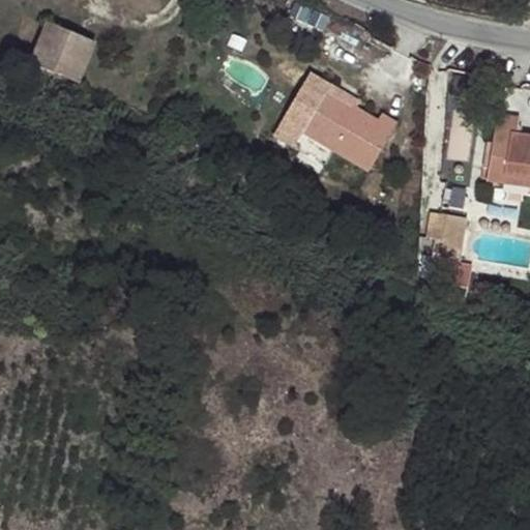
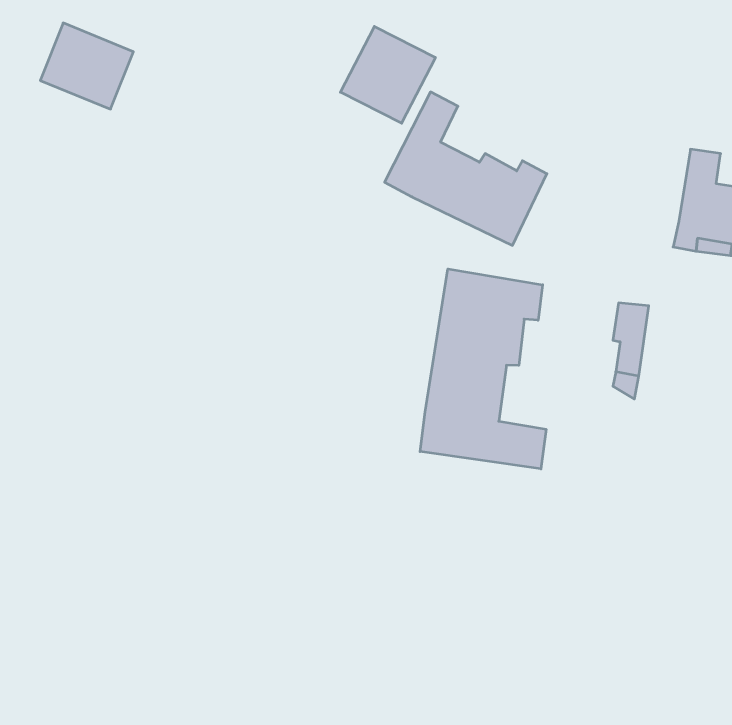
building: none -> [340,26,435,123]
building: none -> [420,269,546,469]

